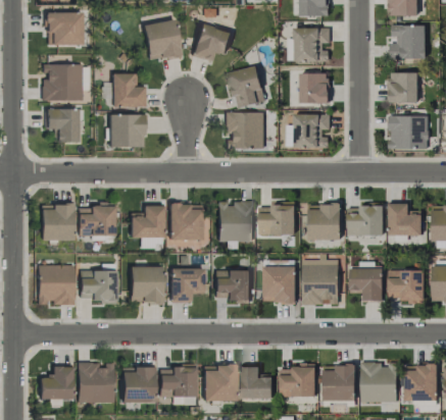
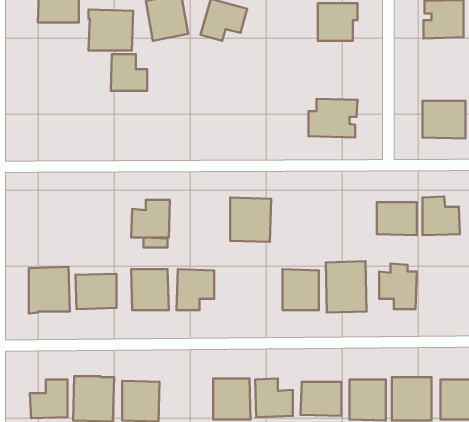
building: [42,64,82,101] -> [89,10,133,51]
building: [229,65,266,108] -> none
building: [390,72,419,103] -> none
building: [301,73,330,103] -> none
building: [45,108,78,143] -> none
building: [226,112,265,148] -> none
building: [108,113,144,147] -> none
building: [259,201,297,235] -> none
building: [168,203,201,240] -> none
building: [309,203,342,240] -> none
building: [40,204,72,241] -> none
building: [78,205,114,235] -> none
building: [389,269,426,301] -> none
building: [214,270,251,301] -> none
building: [159,366,195,397] -> none

